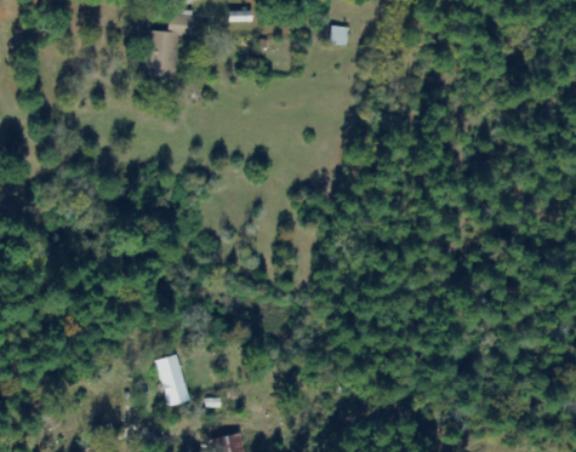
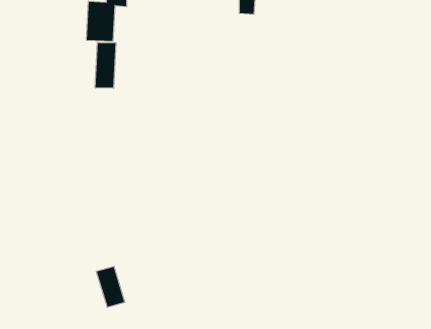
building: none -> [95,42,116,88]

